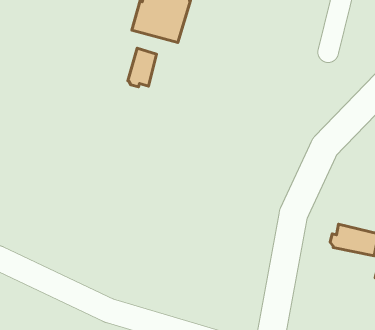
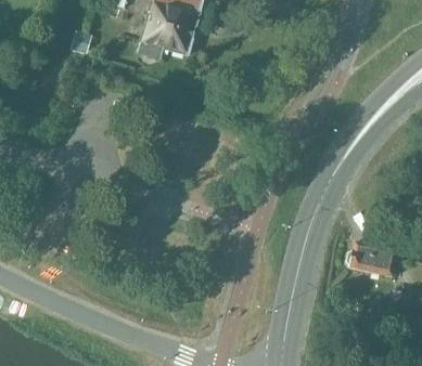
building: [128,48,157,87] -> none

